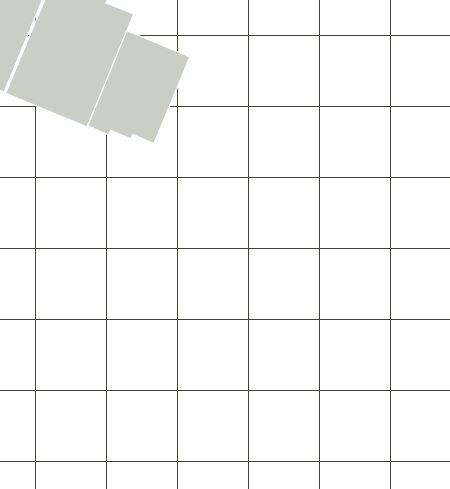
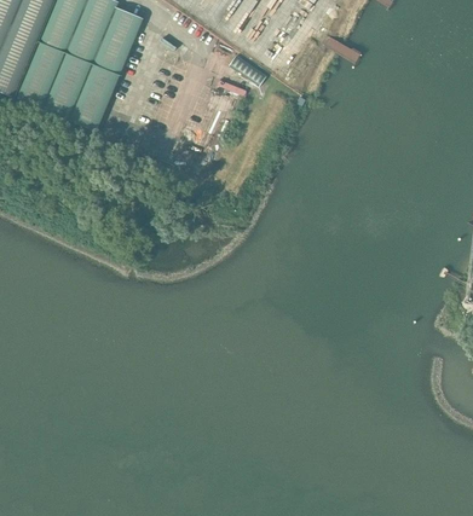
building: [88,31,190,144] -> none

